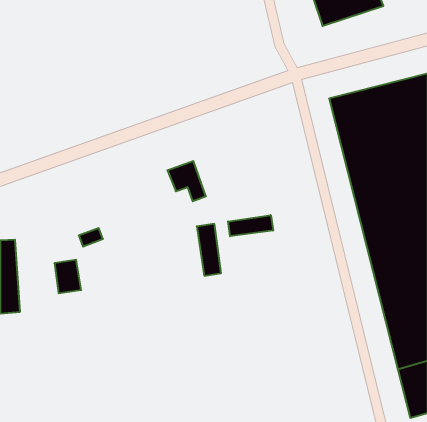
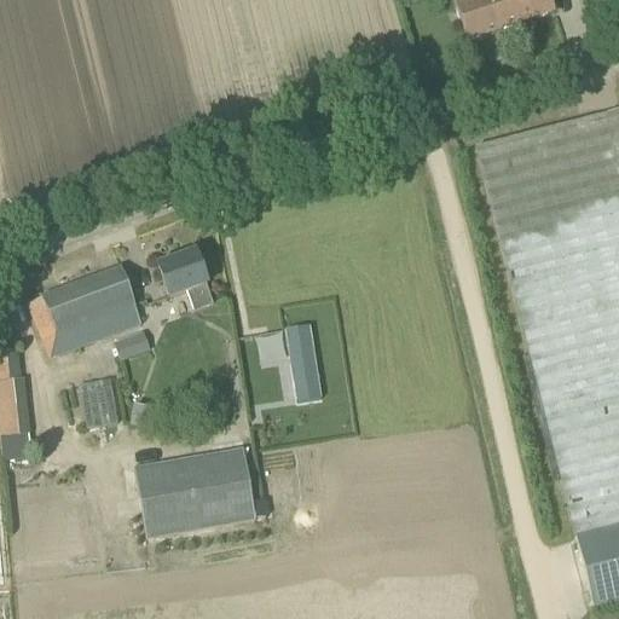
building: [167,161,206,201] -> [158,250,214,308]
building: none -> [28,265,141,354]
building: [228,215,273,236] -> none
building: none -> [134,447,256,534]

